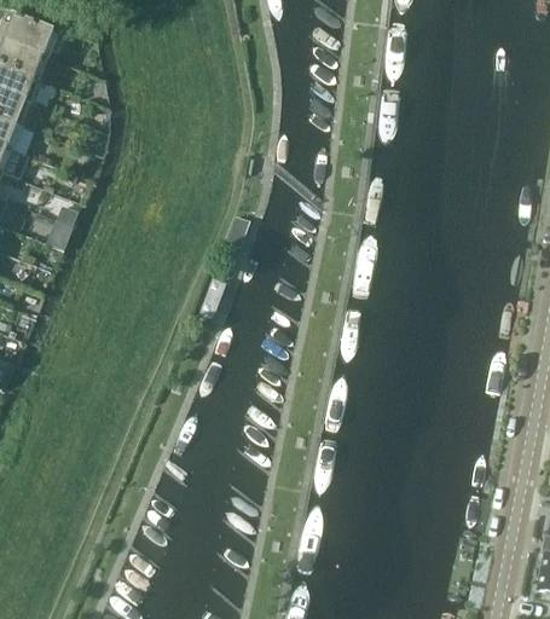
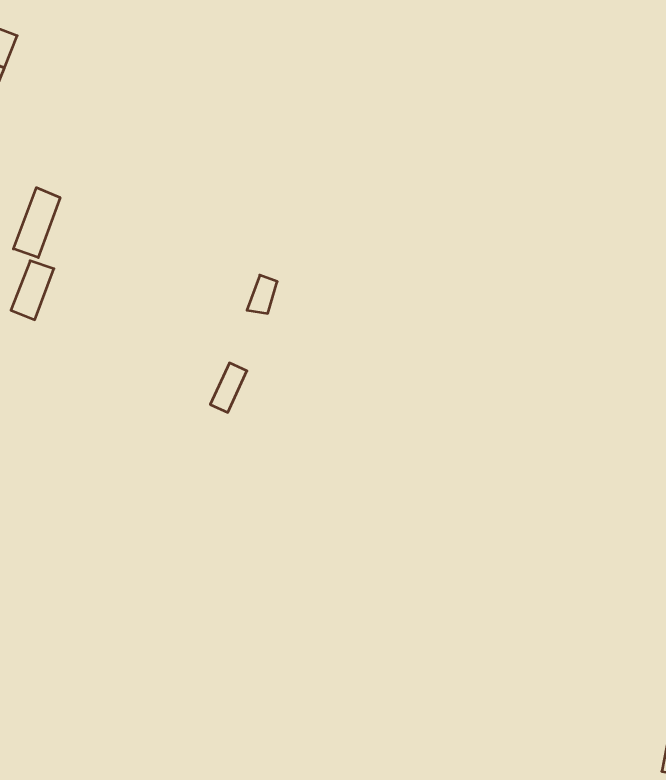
building: none -> [13,188,60,258]

